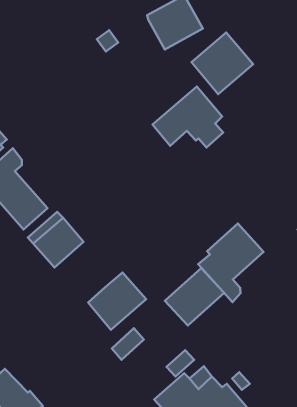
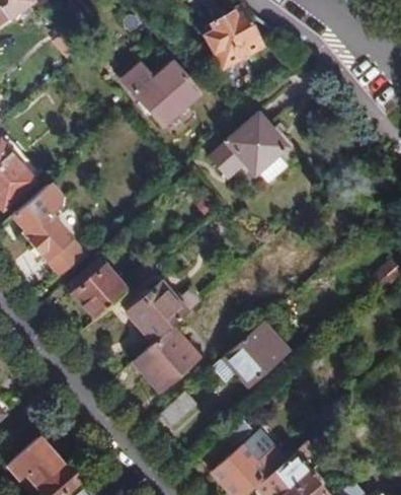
building: [191,32,253,94] -> none
building: none -> [122,61,200,127]
building: [198,223,263,302] -> none
building: none -> [125,281,205,344]

